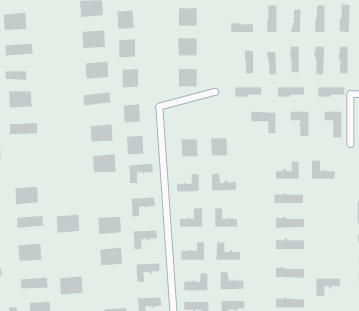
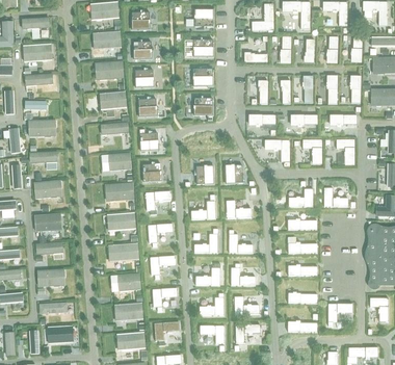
building: none -> [32,179,61,198]
building: [56,214,80,233] -> [111,211,135,230]
building: [59,276,84,295] -> [119,302,142,320]

